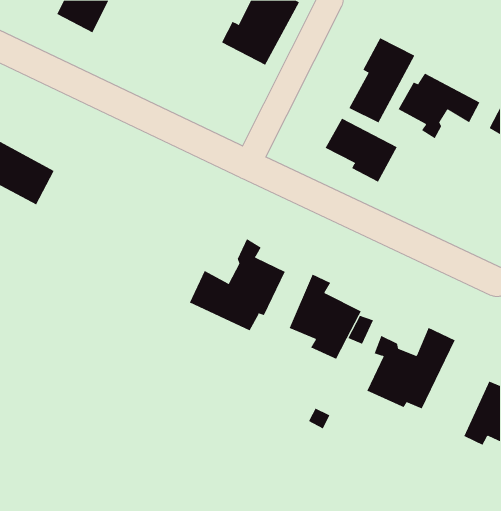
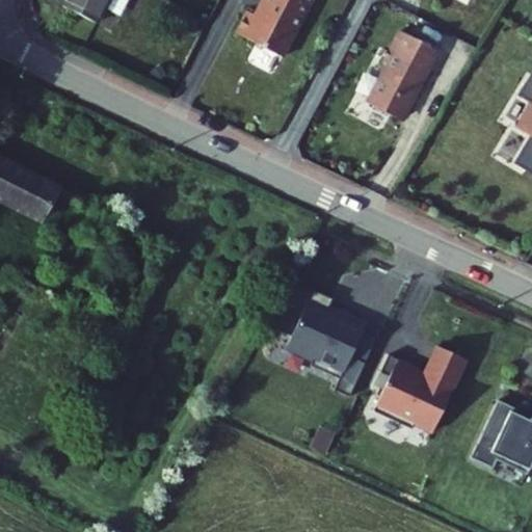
building: [398,73,480,139] -> none
building: [325,118,398,183] -> none
building: [189,238,286,331] -> none

